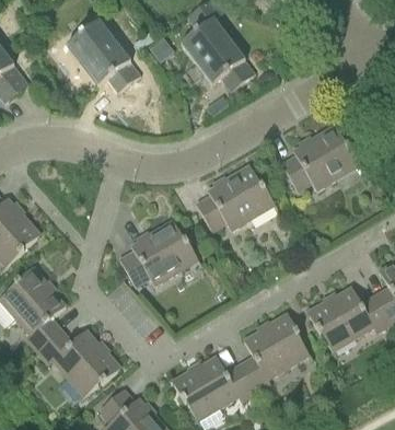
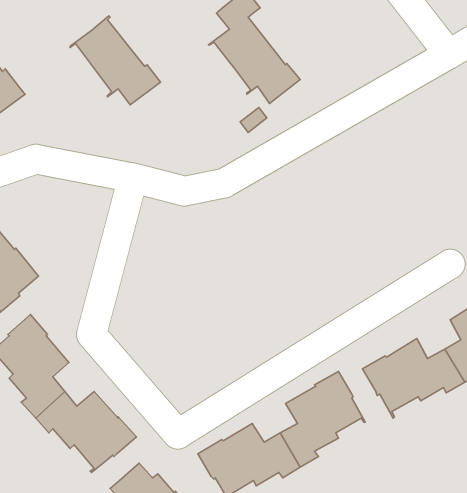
building: [281,124,360,190] -> none
building: [195,164,275,231] -> none
building: [118,220,198,286] -> none

